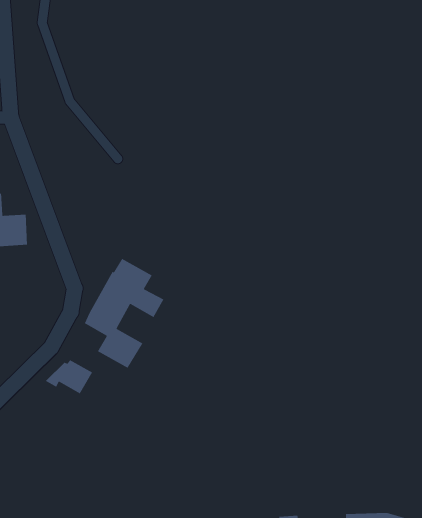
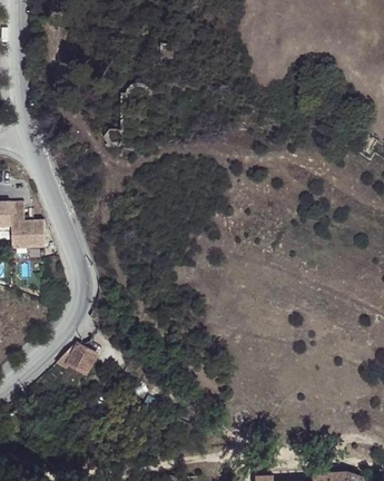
building: [84,258,164,369] -> none

